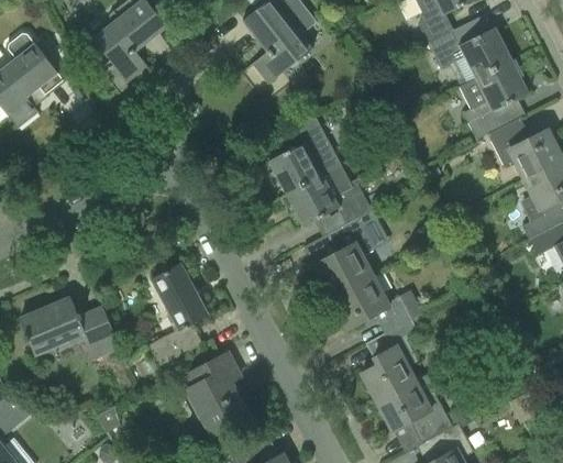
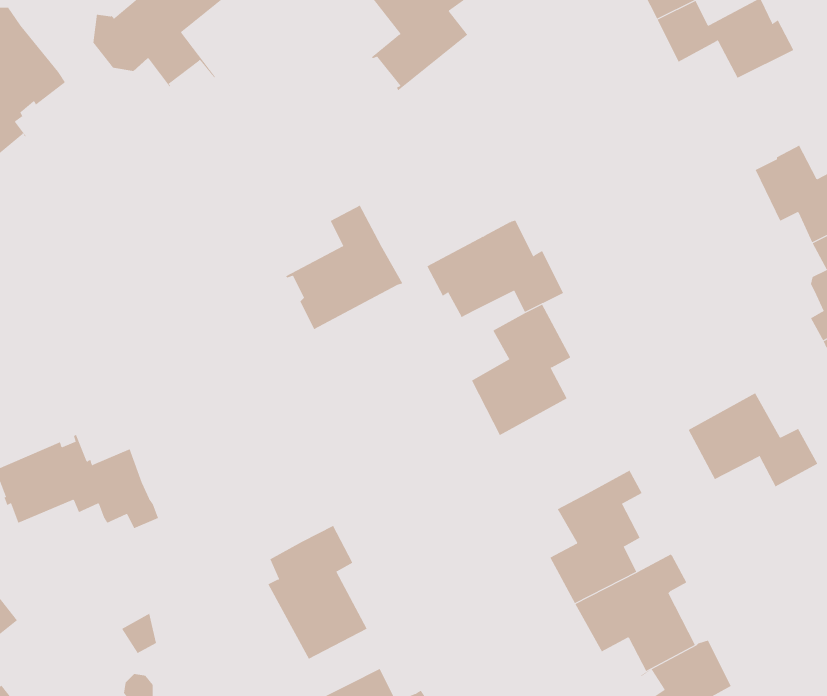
building: [457,59,525,137] -> none
building: [267,115,340,192] -> [285,205,403,330]
building: [145,262,206,365] -> none
building: [330,274,410,332] -> [688,392,818,487]

